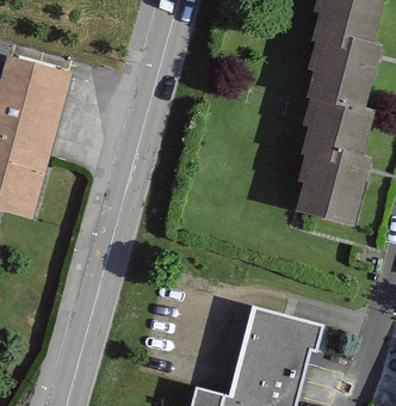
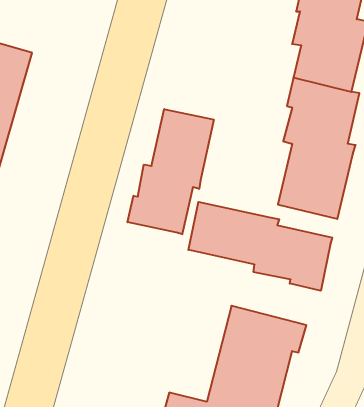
building: none -> [128,109,214,234]
building: none -> [188,202,332,291]

